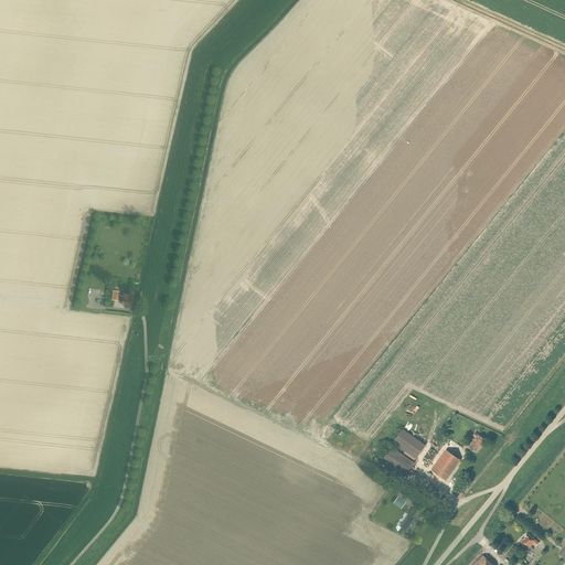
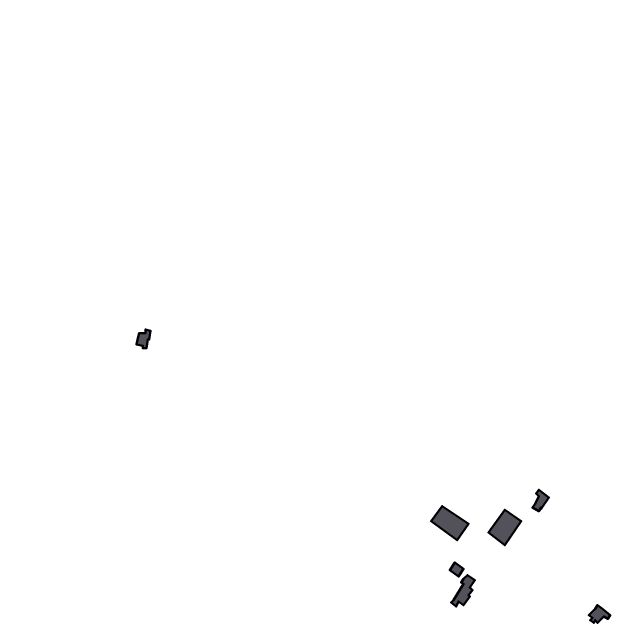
building: [392,428,425,458] -> none

